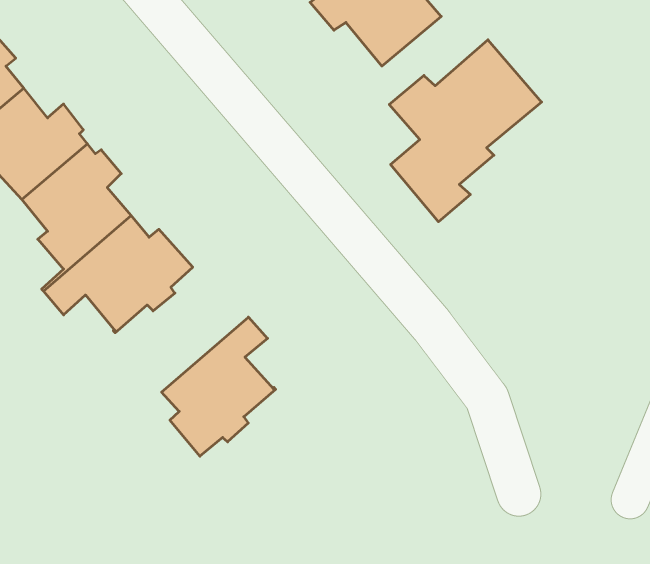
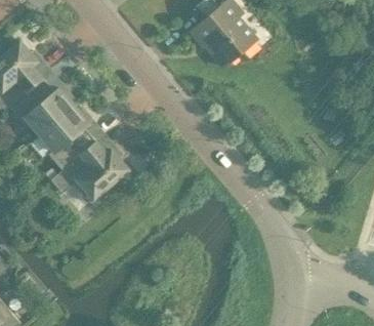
building: [389,40,542,222] -> none
building: [162,317,276,456] -> none

